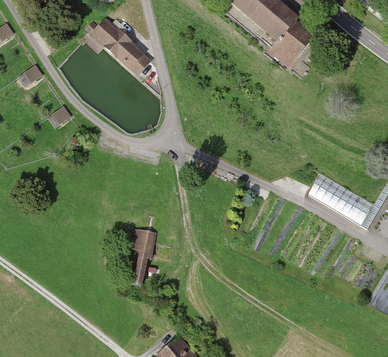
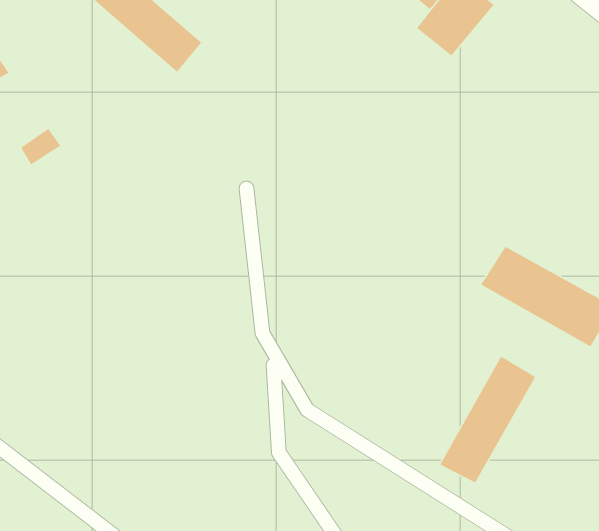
building: [131,227,156,285] -> none
building: none -> [439,356,536,484]

